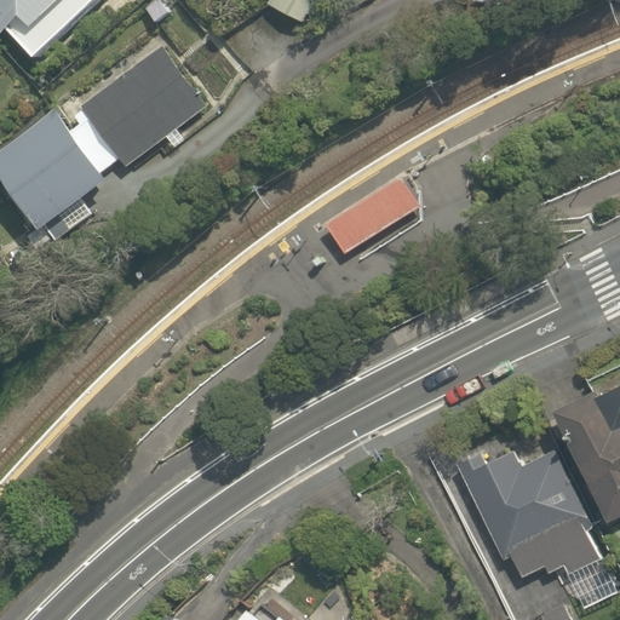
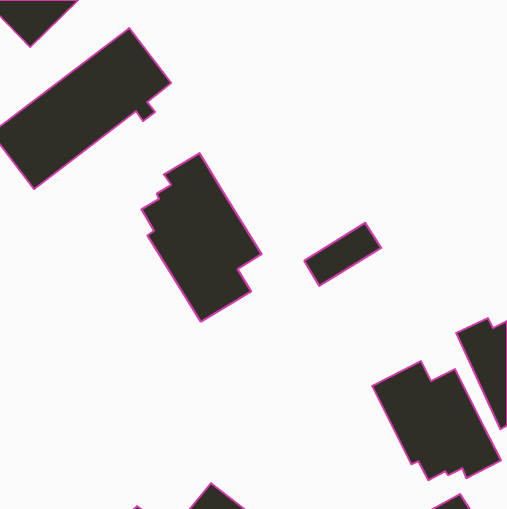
building: [326,178,419,254] -> [304,223,381,286]
building: none -> [141,153,262,322]

